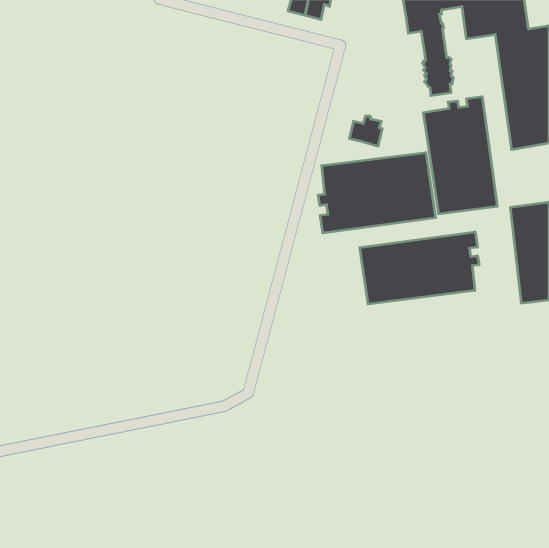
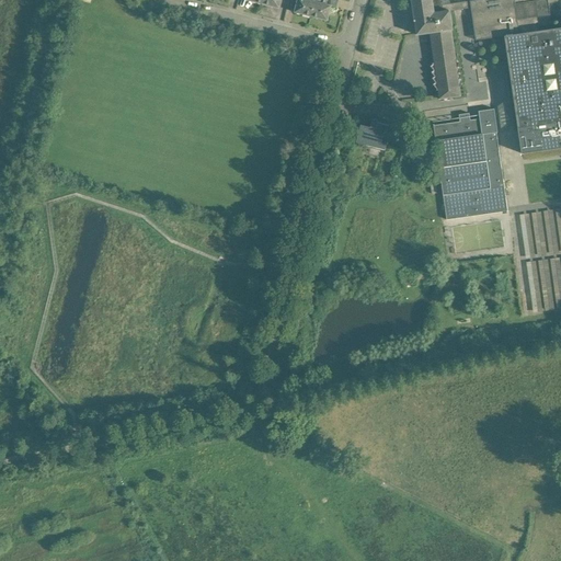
building: [318,152,436,233] -> none
building: [360,232,479,304] -> none

